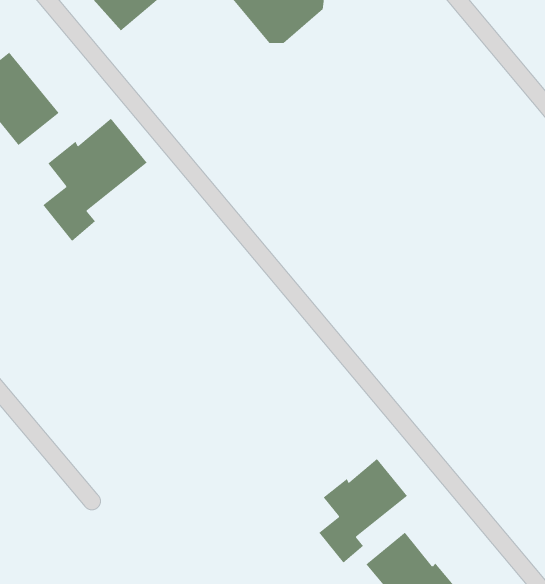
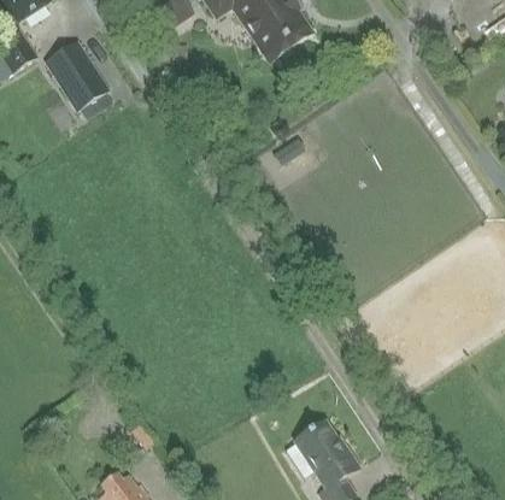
building: [43,118,148,242] -> none
building: [319,458,408,563] -> none

